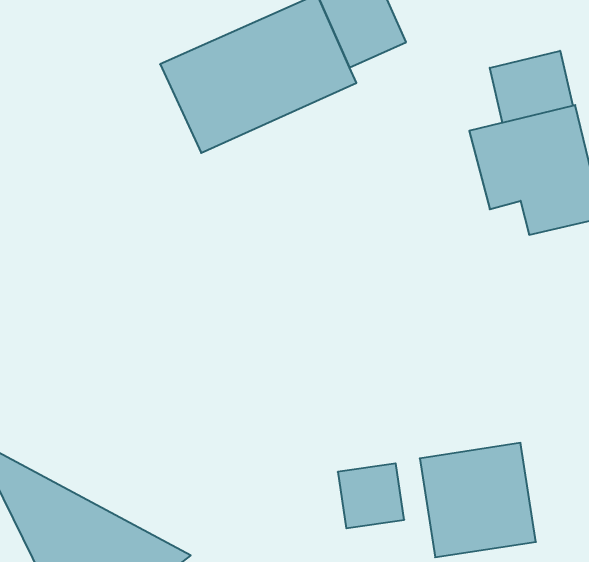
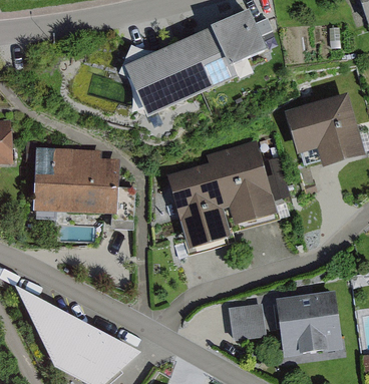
building: [490,51,573,123] -> none
building: none -> [177,140,282,246]
building: none -> [39,147,116,210]

